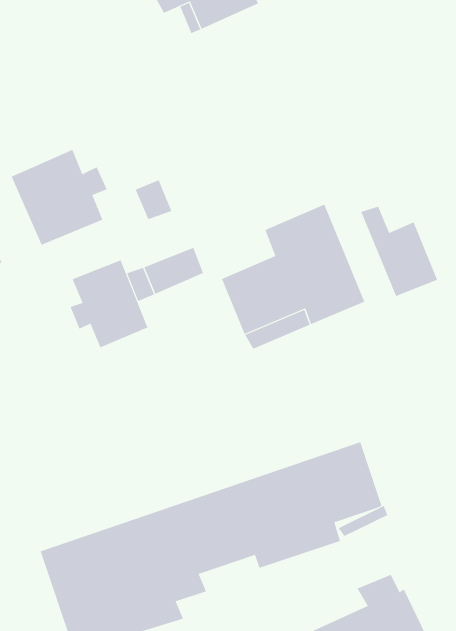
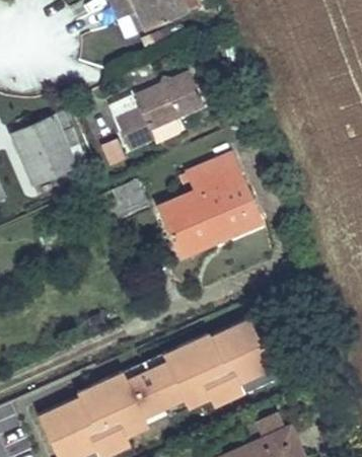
building: none -> [117,72,205,149]
building: [361,206,438,297] -> none
building: [70,259,148,348] -> none

